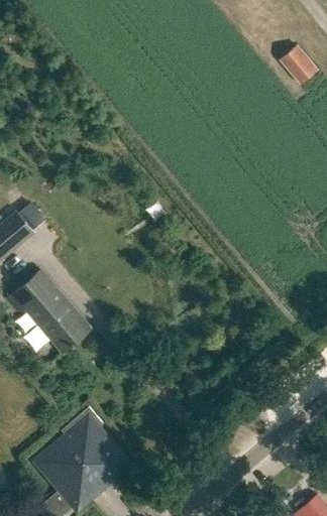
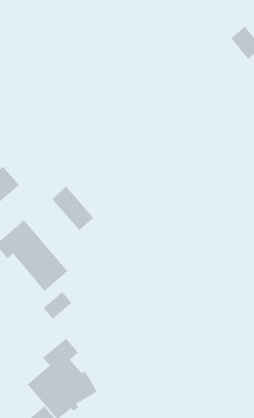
building: none -> [51,186,94,231]
building: none -> [43,291,72,320]

